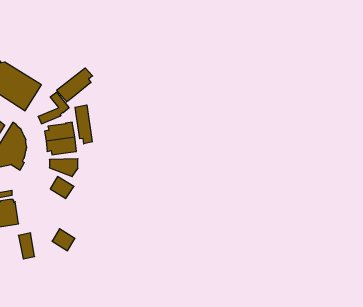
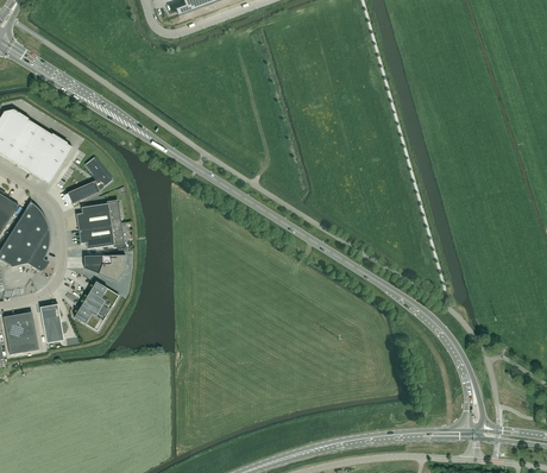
building: [57,68,93,102] -> none
building: [75,105,92,144] -> none
building: [52,229,75,251] -> [74,297,107,329]
building: [18,233,35,259] -> [39,303,63,341]

